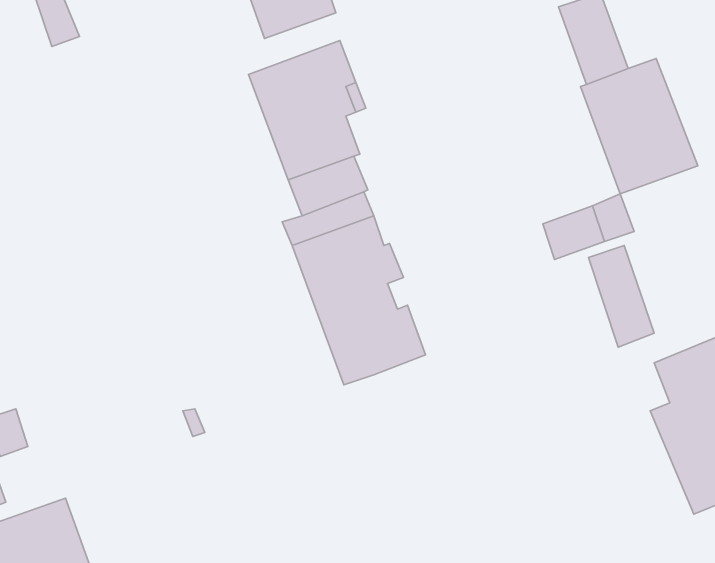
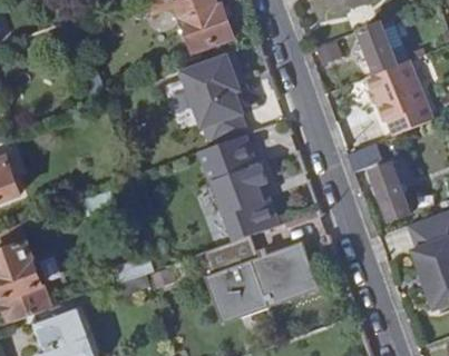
building: none -> [205,237,321,325]

